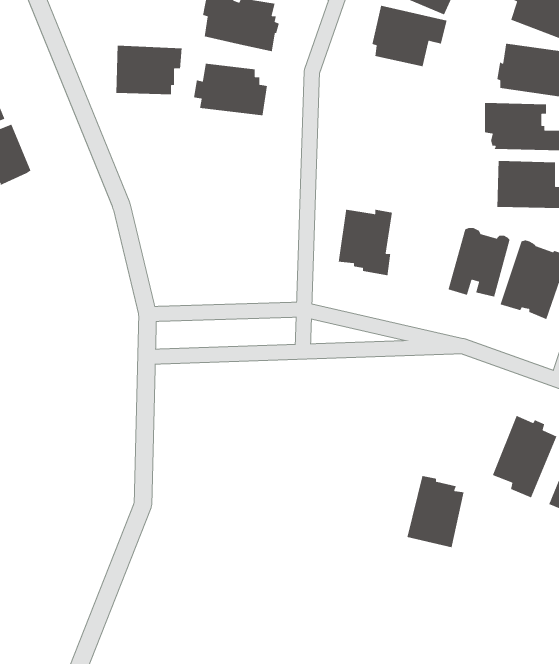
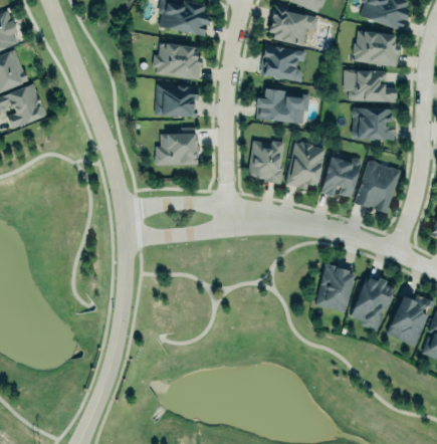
building: [115,45,182,95] -> [155,83,199,117]
building: none -> [263,44,306,81]
building: none -> [256,88,310,124]
building: none -> [155,134,198,165]
building: none -> [285,141,325,190]
building: [406,475,464,548] -> [315,264,354,312]

